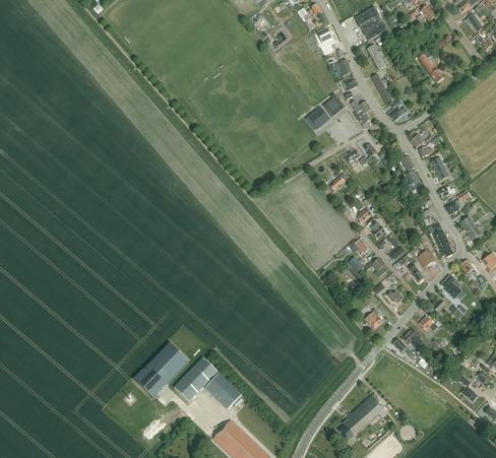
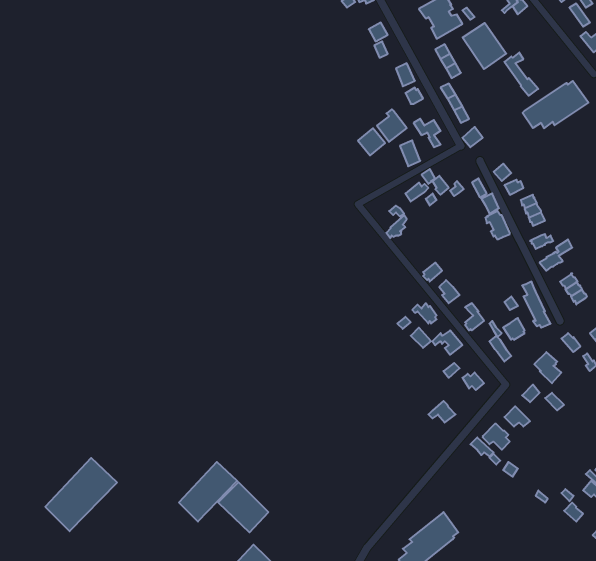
building: none -> [463,23,506,69]
building: none -> [523,81,588,128]
building: [130,348,184,403] -> [45,458,117,531]

